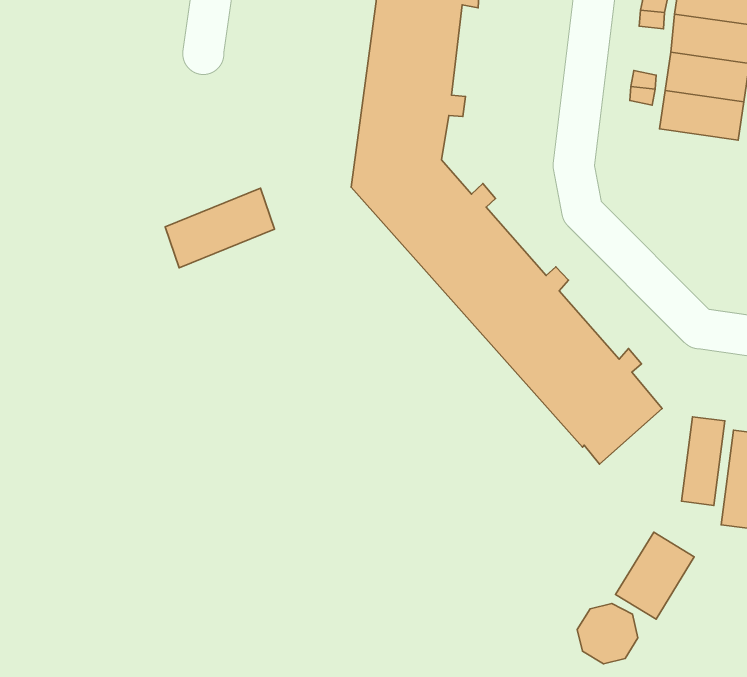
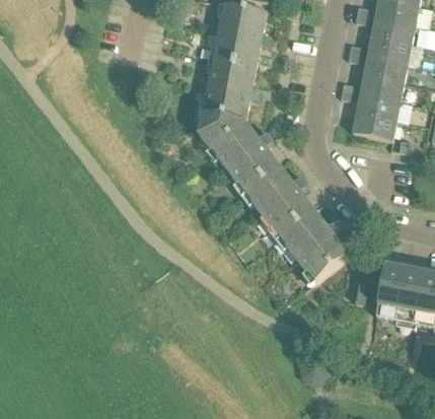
building: none -> [353,111,395,138]
building: [165,188,275,268] -> none
building: [615,532,694,619] -> none

